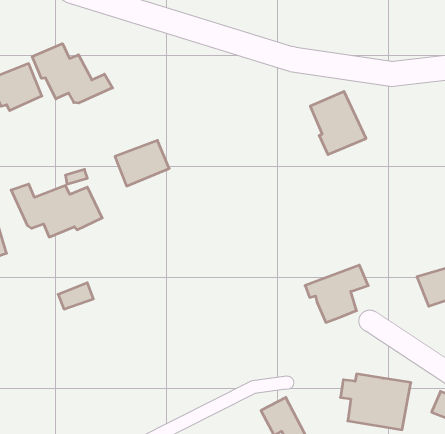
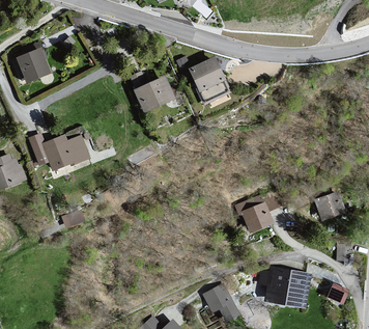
building: [32,44,113,103] -> none
building: [310,91,366,155] -> [192,58,231,103]
building: [115,140,169,186] -> [136,78,174,110]

